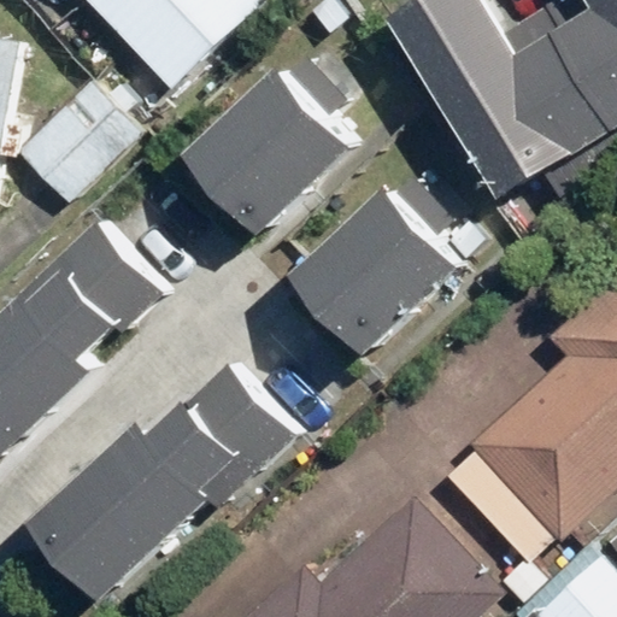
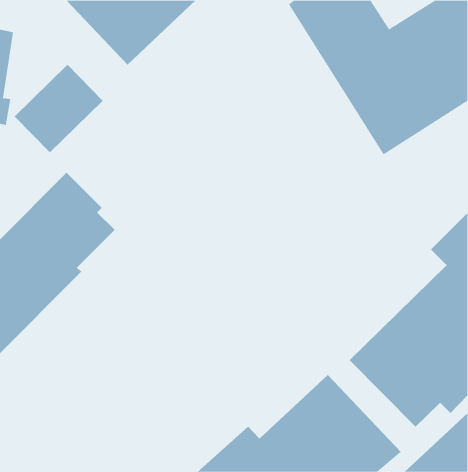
building: [178,51,348,235] -> none
building: [287,175,456,358] -> none
building: [17,365,283,606] -> none

